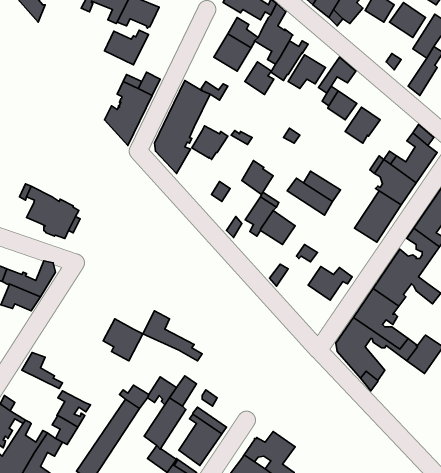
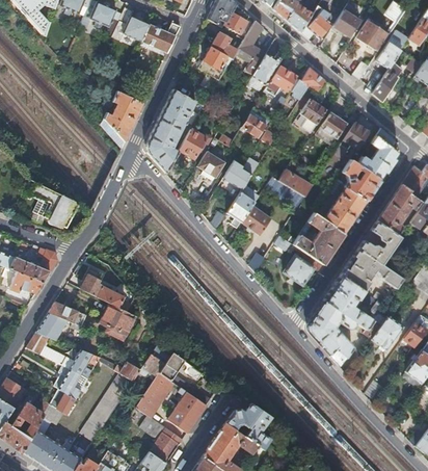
building: [104,30,149,65] -> [141,22,181,53]
building: [245,62,274,94] -> [241,109,267,138]
building: none -> [333,122,369,158]
building: none -> [196,151,224,179]
building: none -> [293,213,344,264]
building: [143,311,202,361] -> [78,266,131,311]
building: none -> [36,302,86,339]
building: none -> [70,349,100,376]

